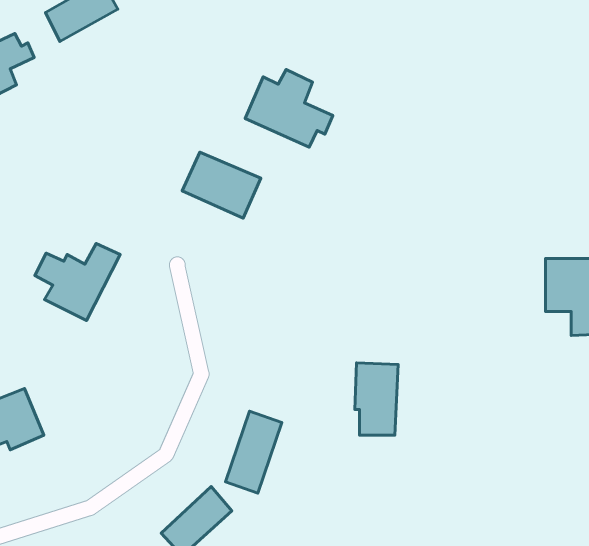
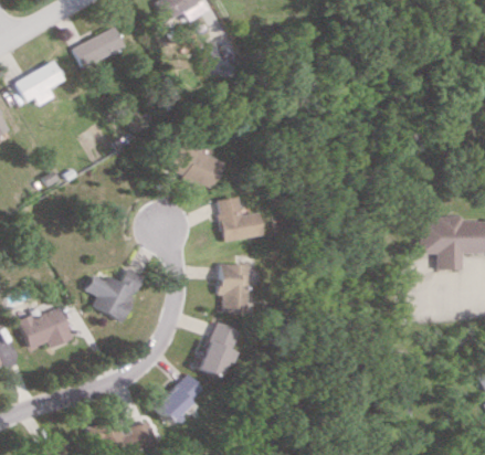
building: [245,69,333,147] -> none
building: none -> [218,197,262,241]
building: [35,243,120,321] -> [87,267,146,320]
building: [355,363,398,435] -> [220,263,250,313]

